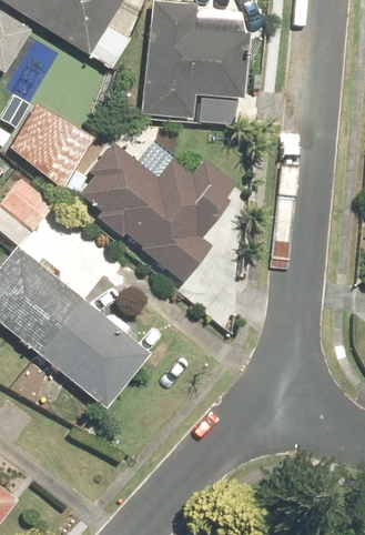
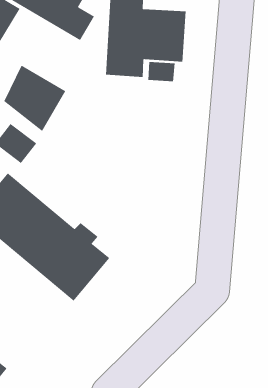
building: [77,142,236,285] -> none

